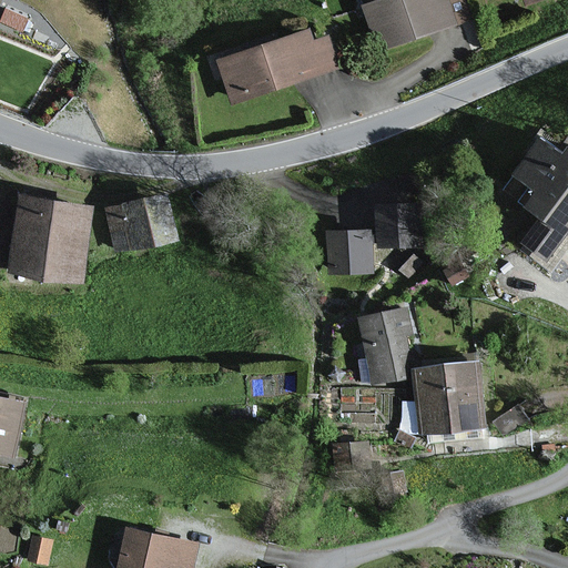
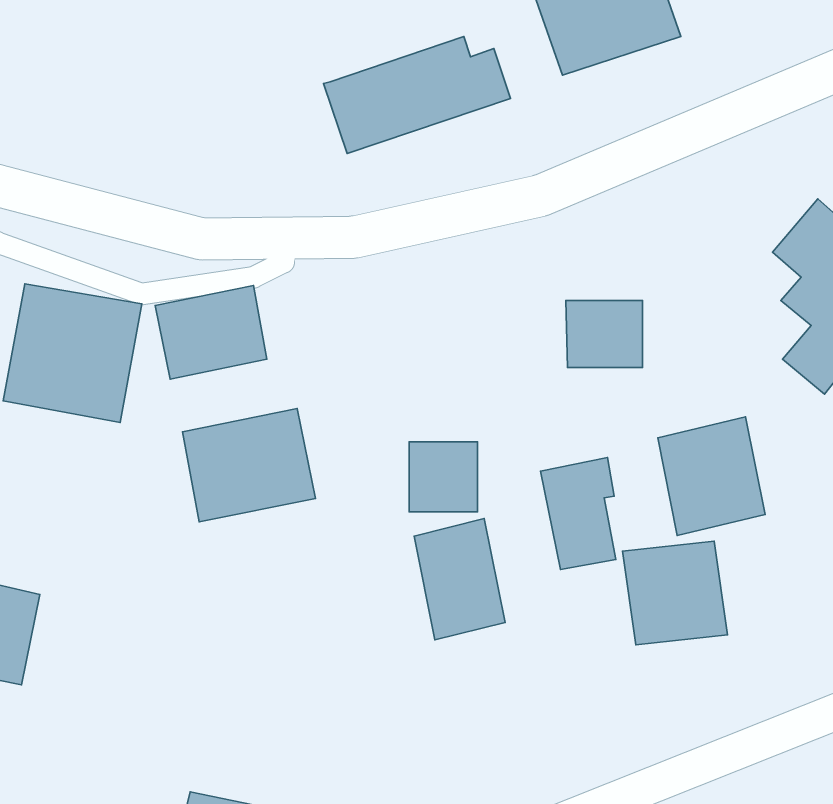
building: [324,230,369,276] -> [409,442,478,512]
building: none -> [183,409,315,522]
building: none -> [658,417,765,536]
building: none -> [414,519,505,640]

